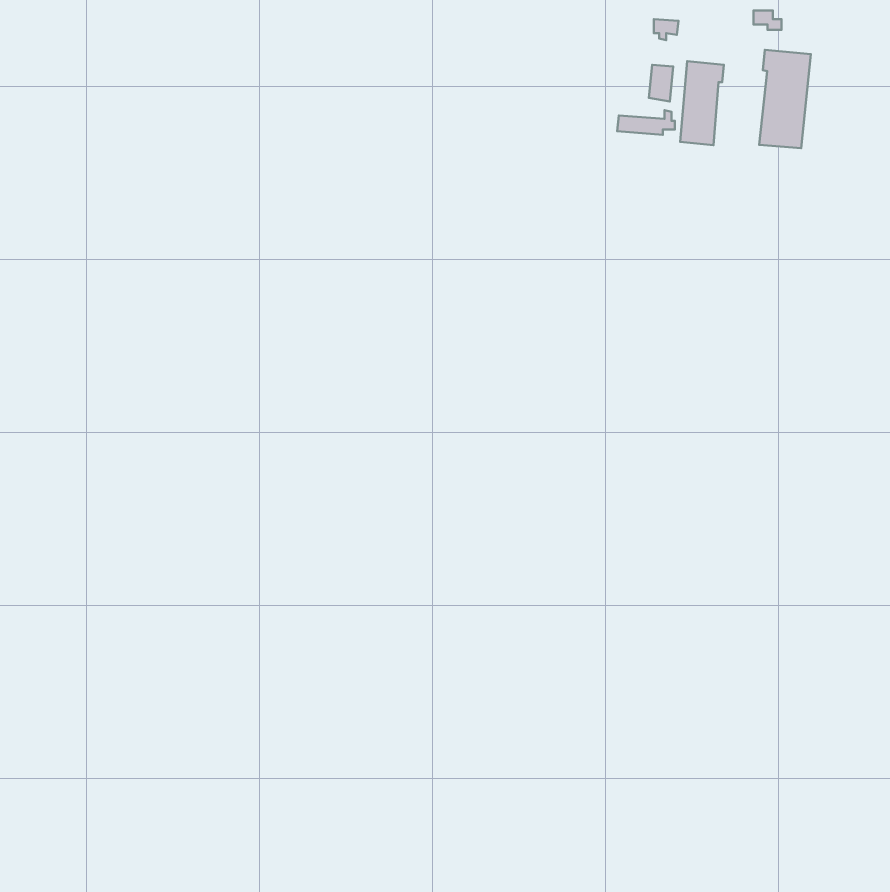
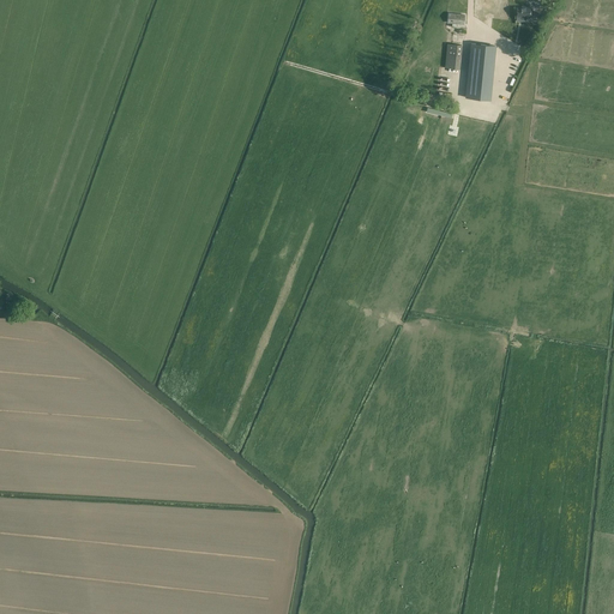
building: [759,50,811,148] -> none

